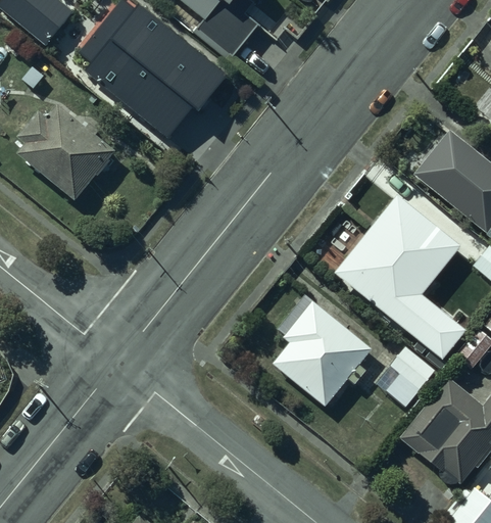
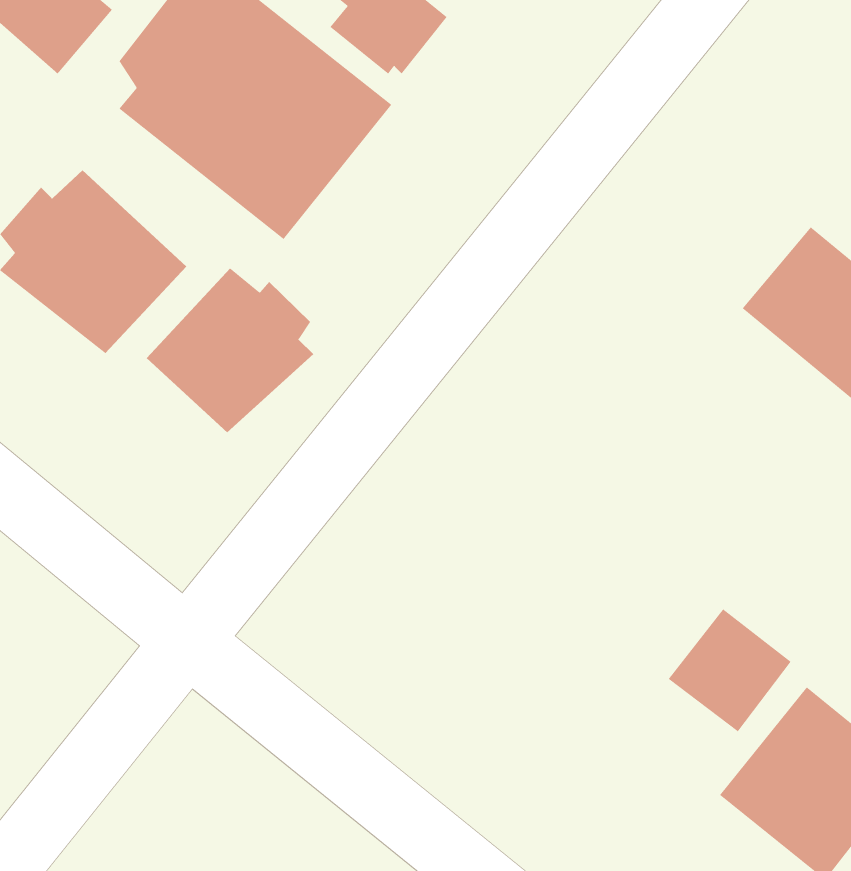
building: none -> [146,267,314,433]
building: [334,192,463,355] -> none
building: [281,300,379,408] -> none

